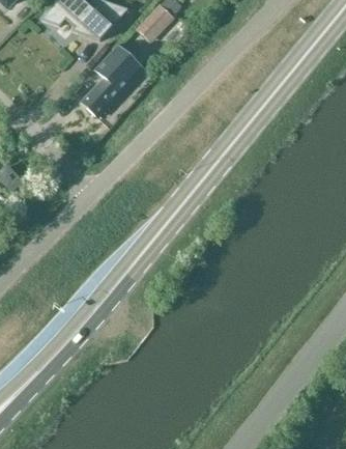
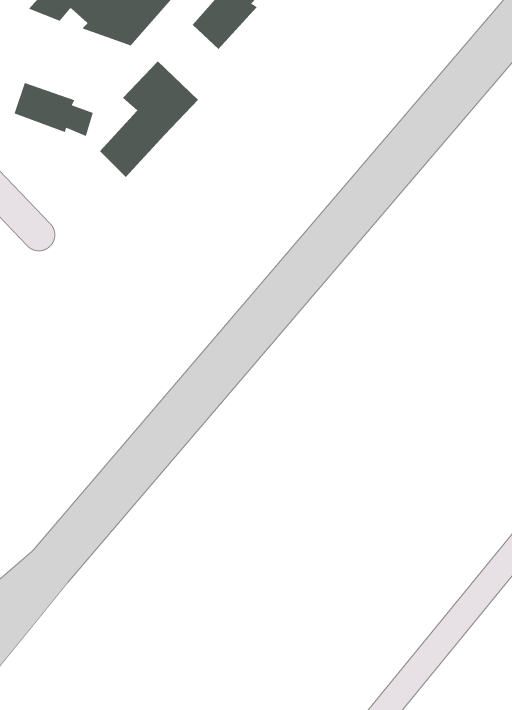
building: none -> [14,82,93,137]

